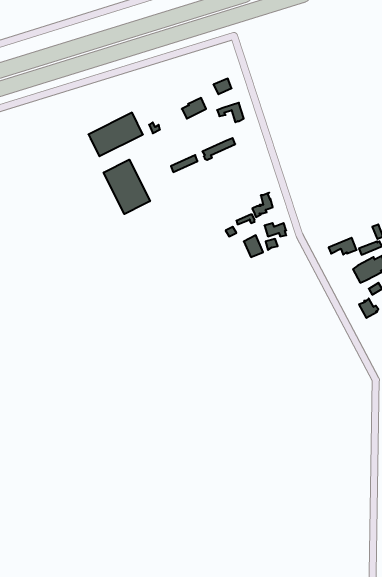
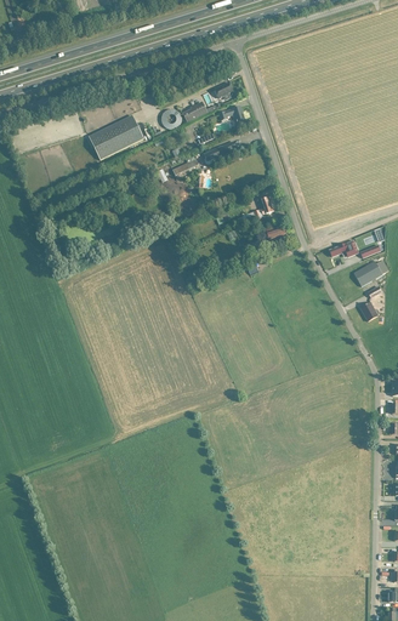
building: [104,160,150,214] -> none

